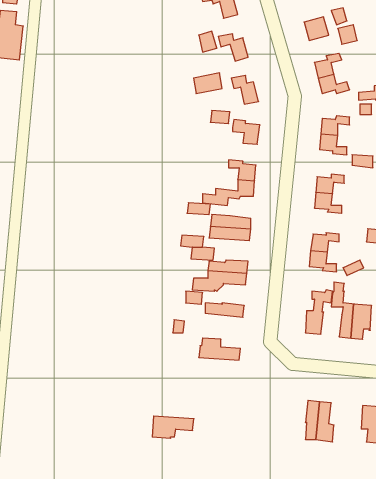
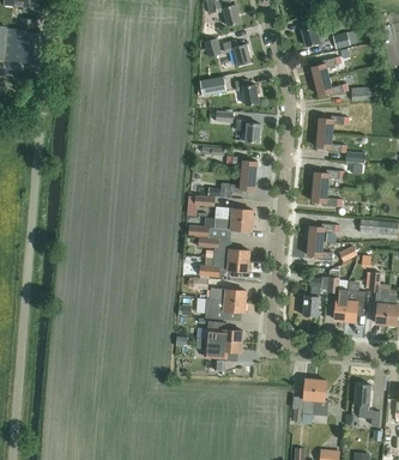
building: none -> [205,298,244,321]
building: [152,416,194,438] -> [202,339,241,359]

